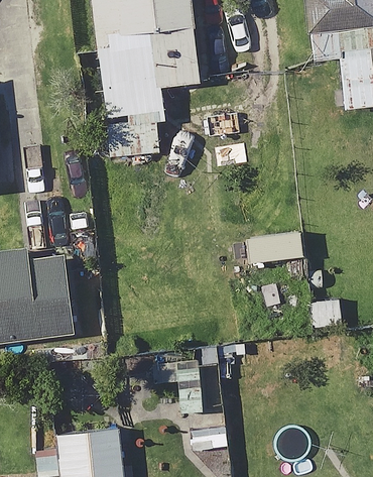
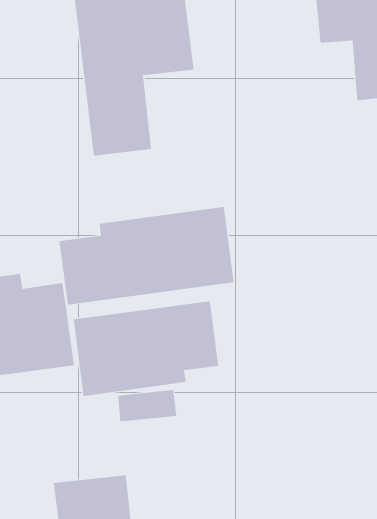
building: none -> [59,206,234,305]
building: none -> [73,300,219,397]

